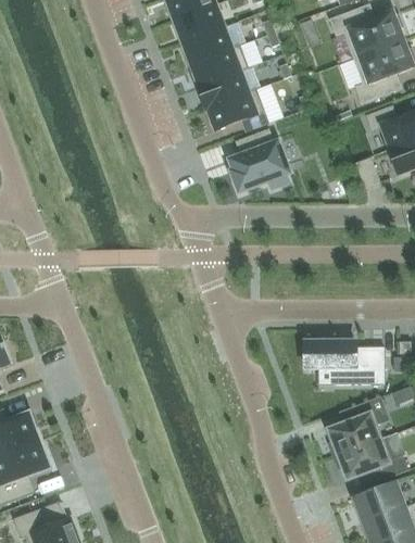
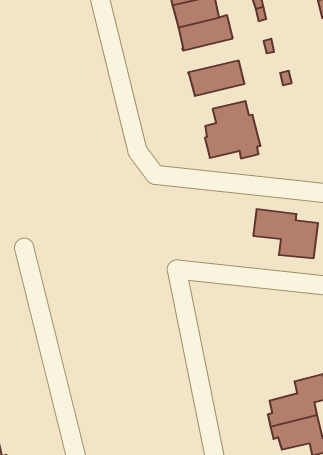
building: [199,67,256,108] -> none
building: [305,341,369,384] -> [253,209,318,258]

